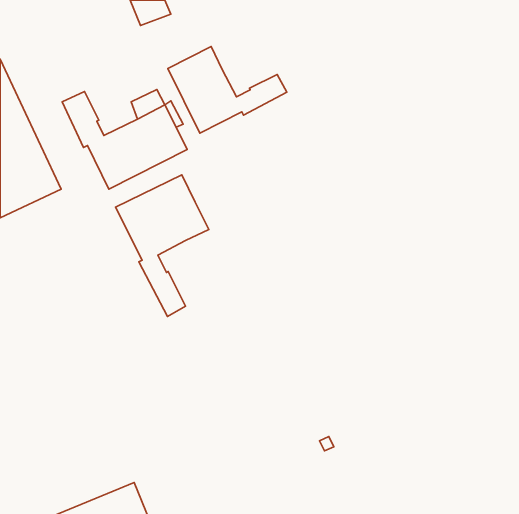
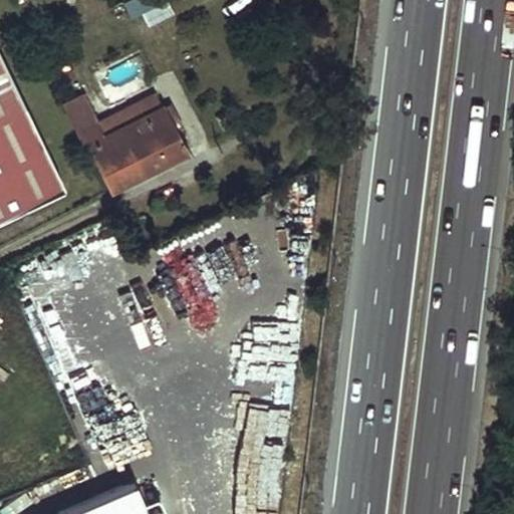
building: [168,47,287,133] -> none
building: [115,175,209,316] -> none

